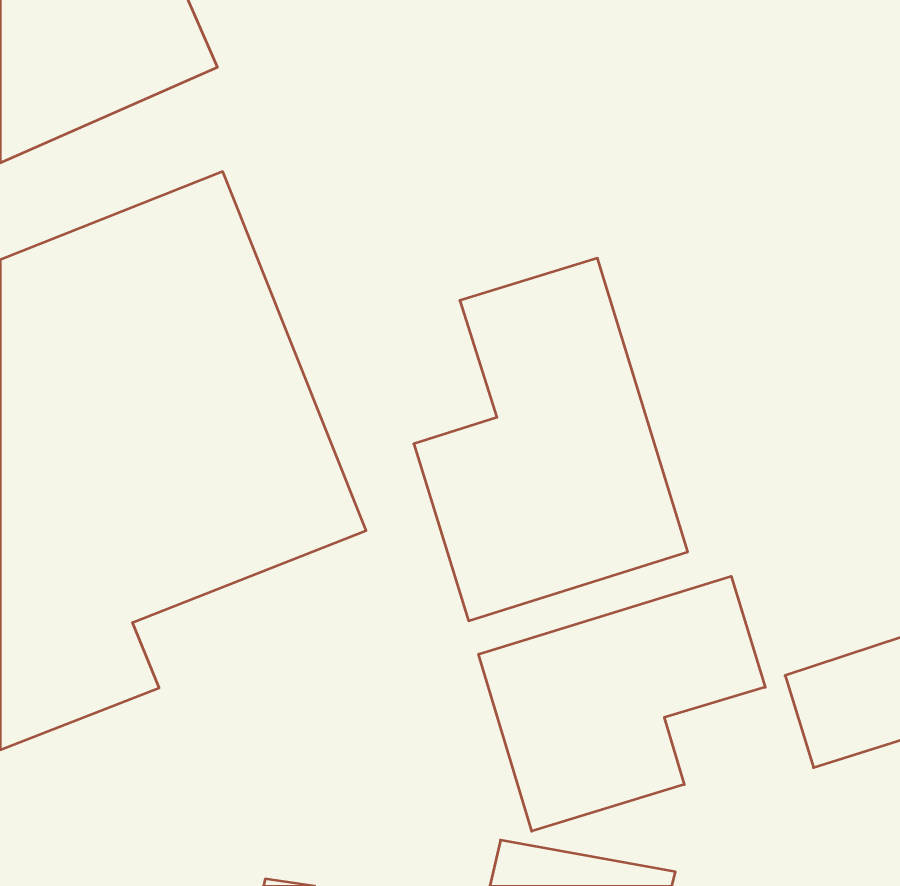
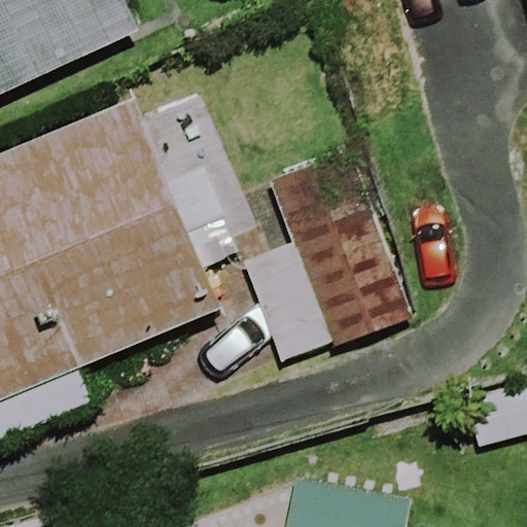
building: [479,576,765,831] -> none

